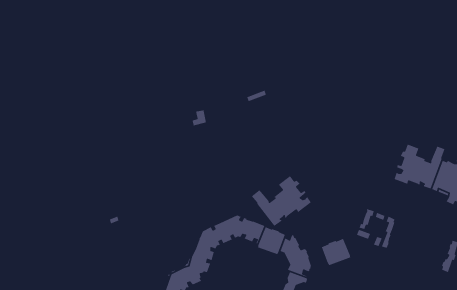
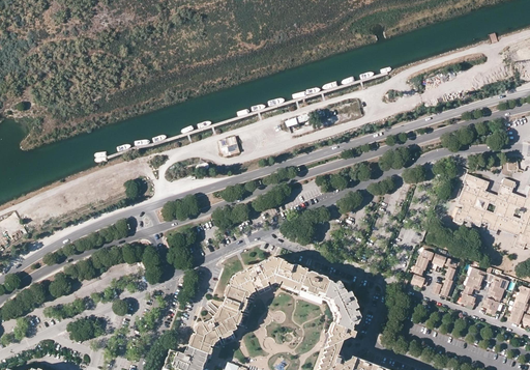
building: [251,175,312,227] -> none
building: none -> [461,268,506,315]
building: [321,238,351,266] -> none

